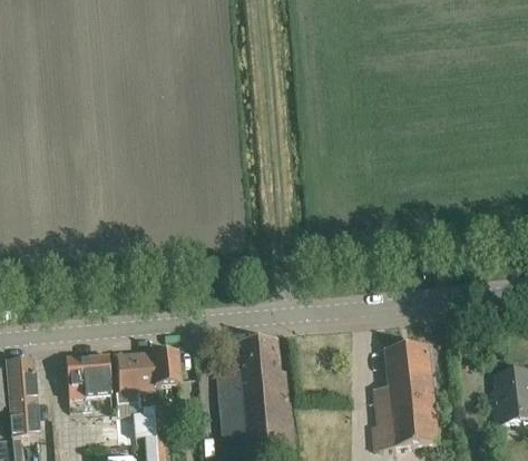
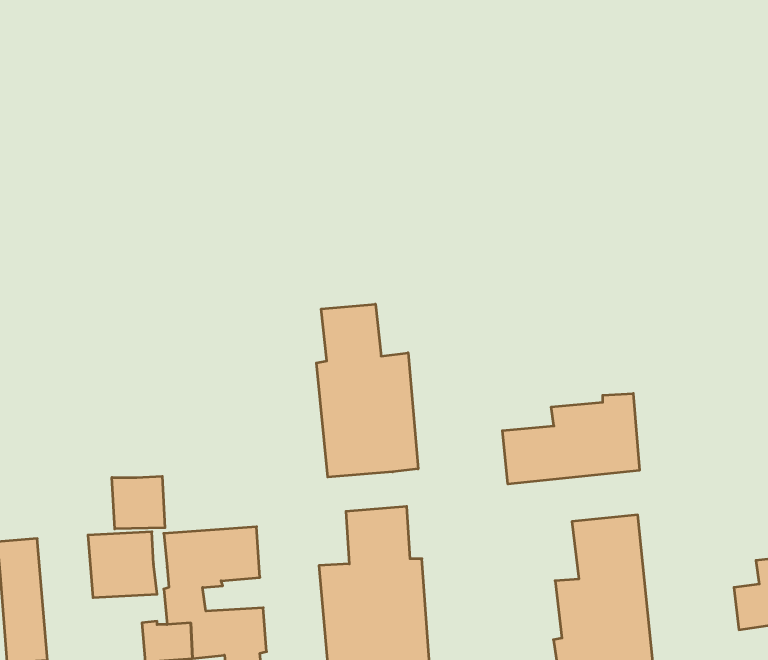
building: none -> [316,304,418,477]
building: none -> [502,393,639,484]
building: none -> [112,476,165,529]

